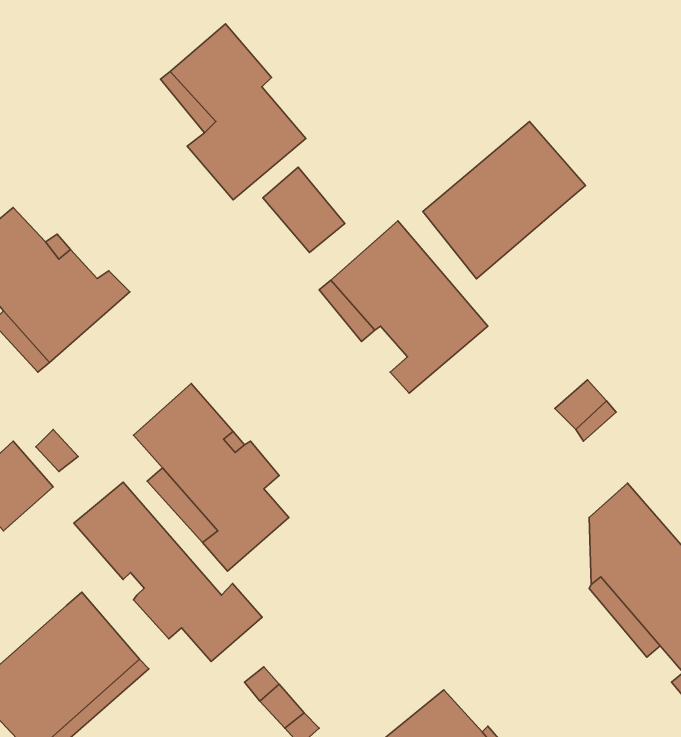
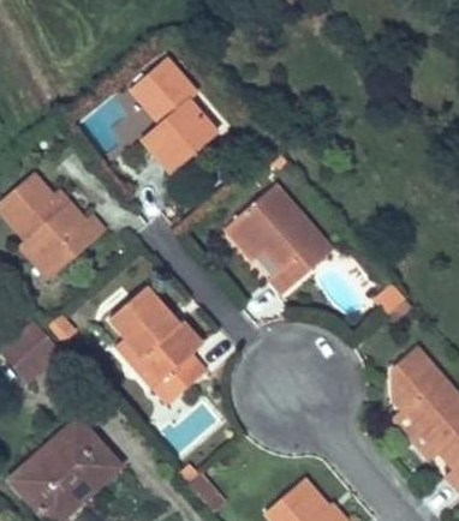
building: [423,122,586,279] -> none
building: [263,167,345,252] -> none
building: [74,482,262,661] -> none

